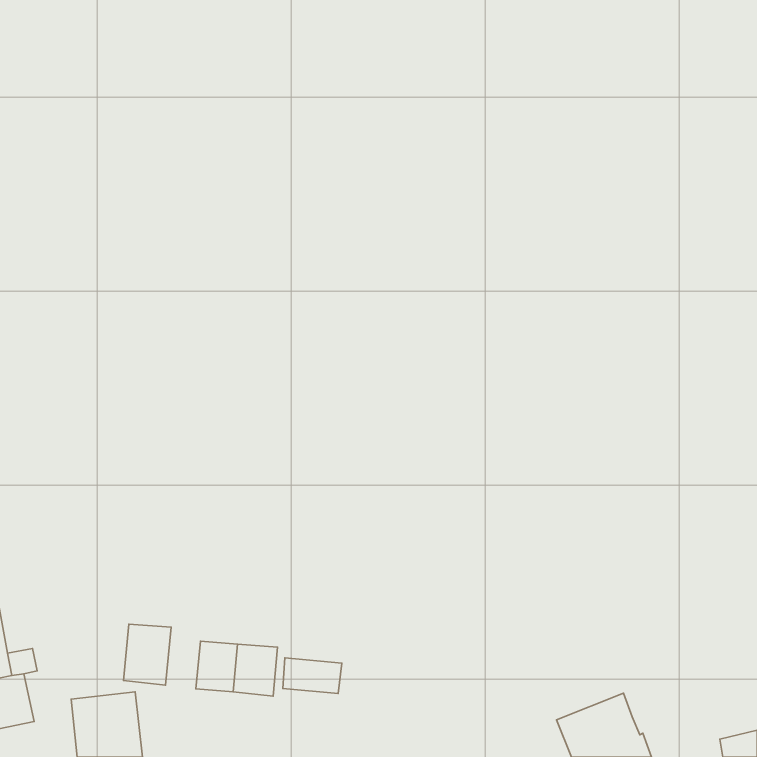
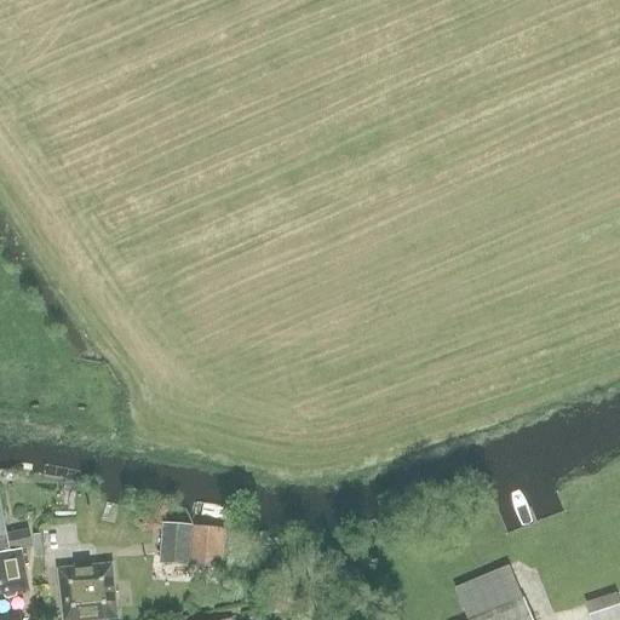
building: [124,624,171,685] -> none
building: [283,658,342,693] -> none

